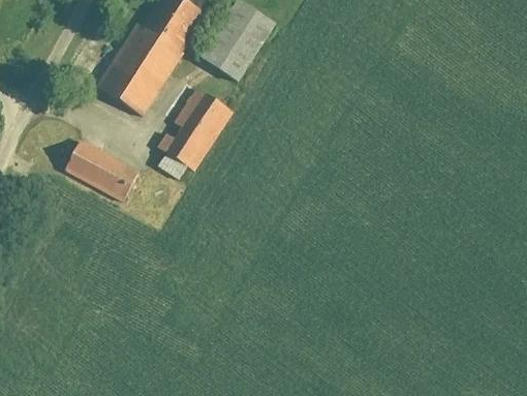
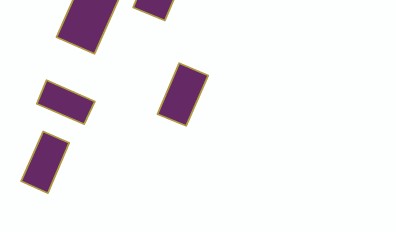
building: [162,90,230,169] -> [157,63,208,126]
building: none -> [21,131,69,193]

